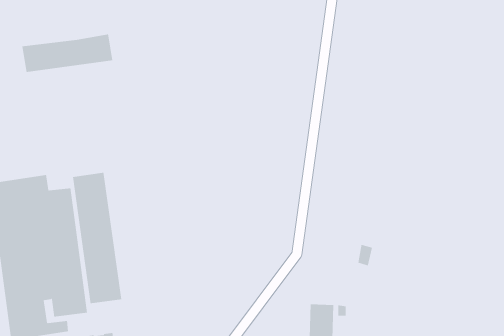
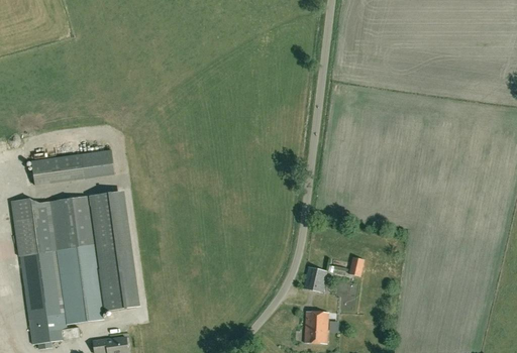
building: [21,34,113,73] -> [32,149,116,185]
building: none -> [304,266,328,292]

